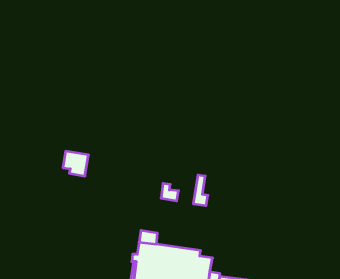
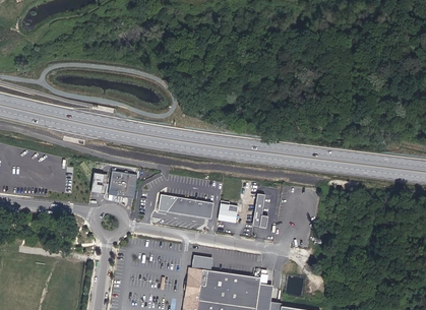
building: none -> [159,194,211,219]

